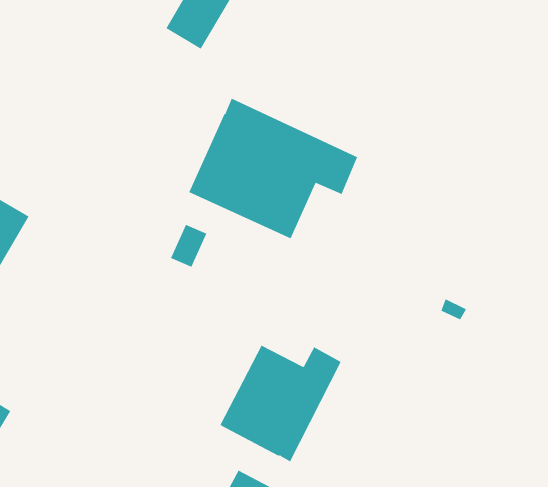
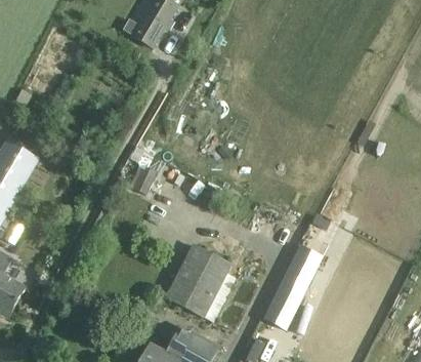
building: [189,98,358,239] -> none
building: none -> [262,245,322,329]

